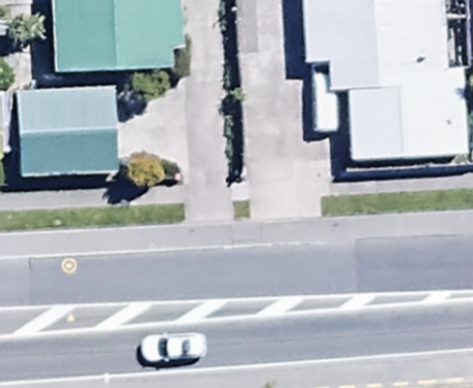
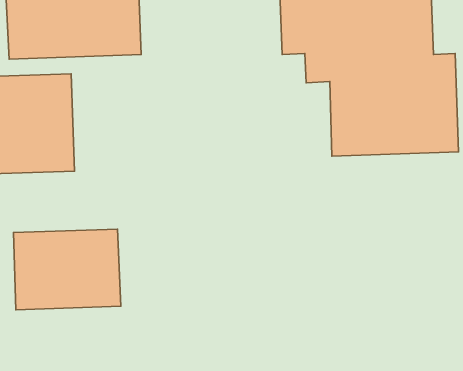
building: none -> [13,229,121,310]

